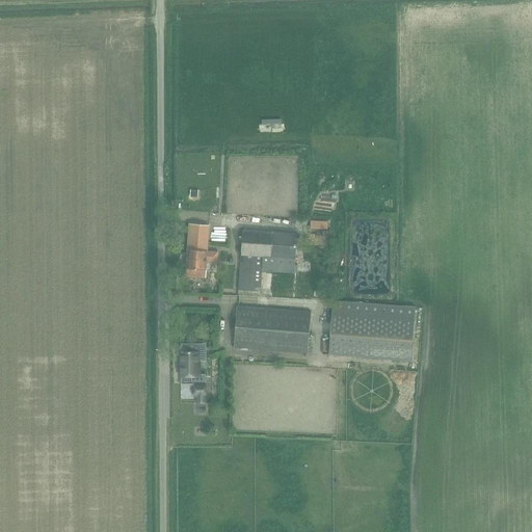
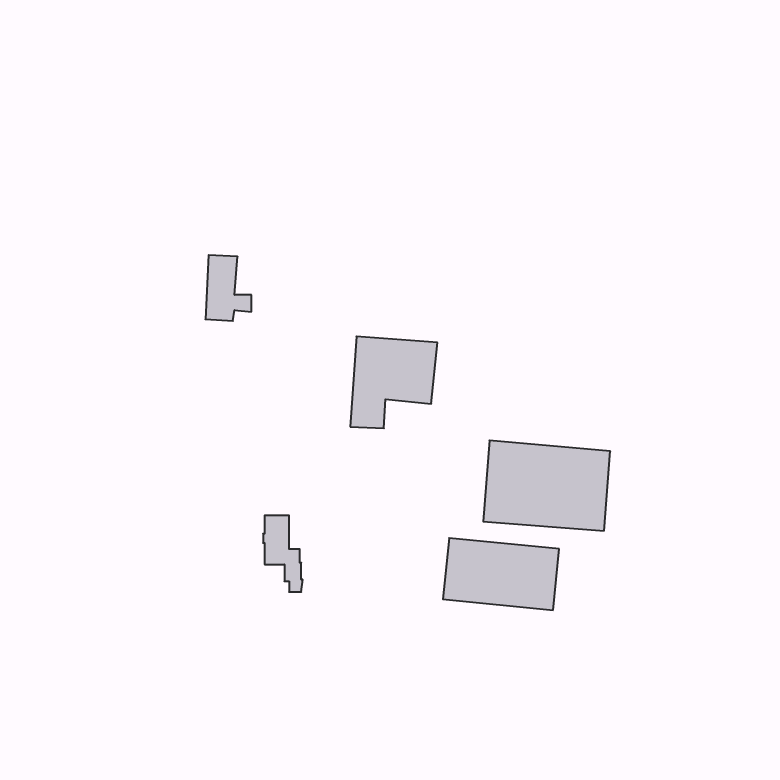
building: [186,223,217,268] -> [205,255,251,321]
building: [232,304,311,353] -> [443,538,559,610]

